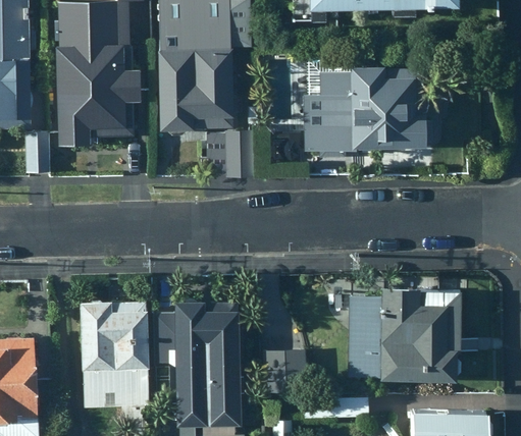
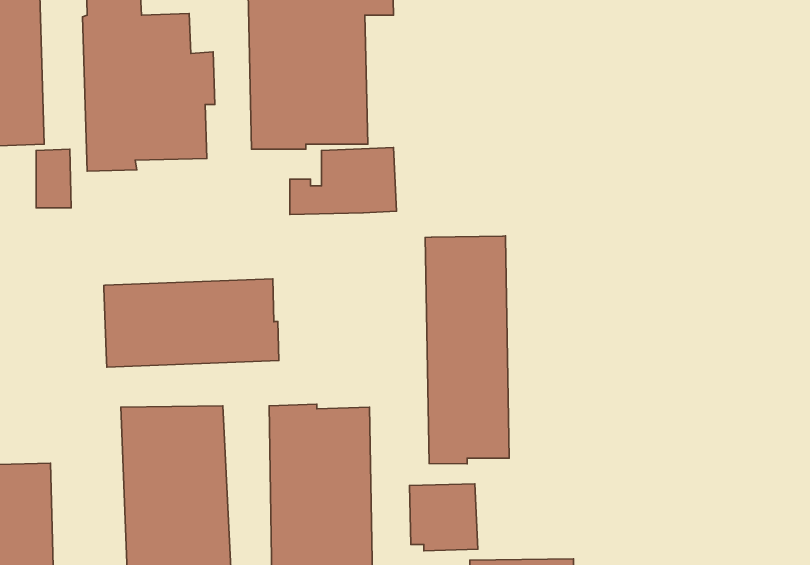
building: [304,69,426,160] -> none
building: none -> [425,236,509,464]
building: none -> [104,279,279,367]
building: [347,283,461,378] -> none

